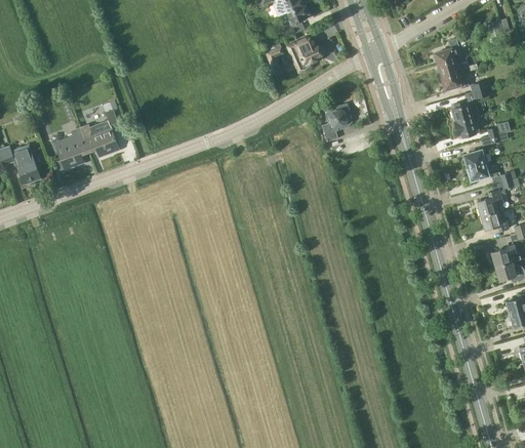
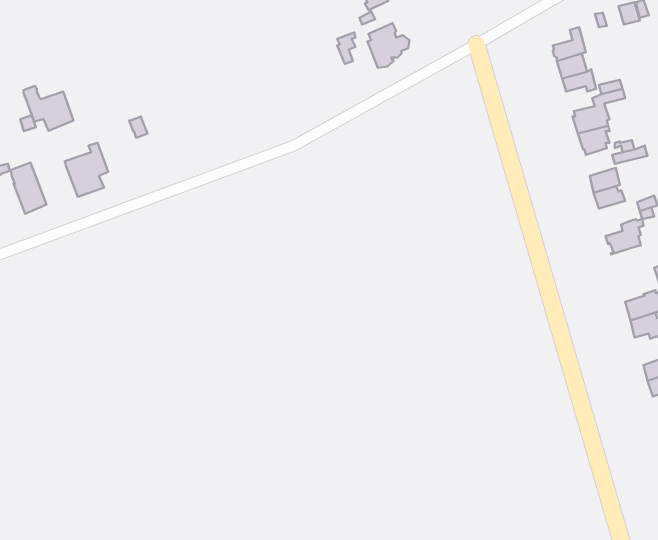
building: [322,104,352,142] -> none
building: [80,124,119,159] -> [24,86,74,131]
building: [480,209,509,231] -> none

